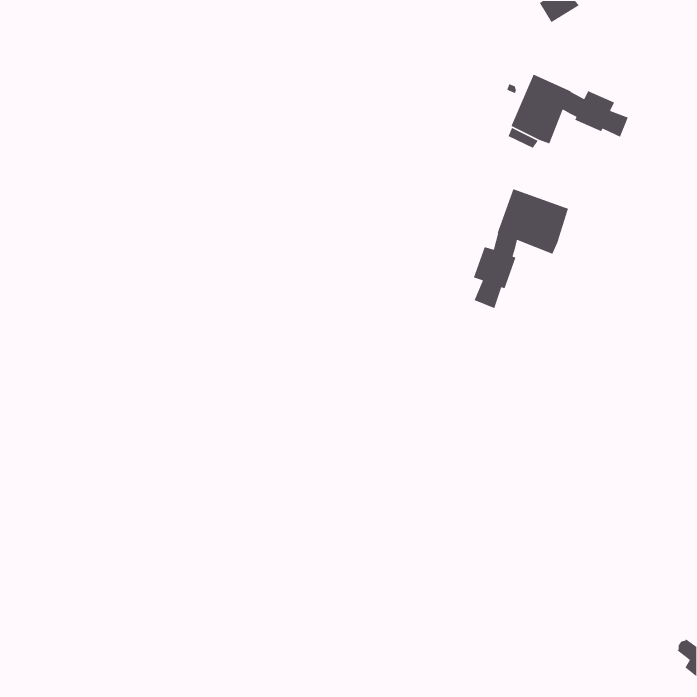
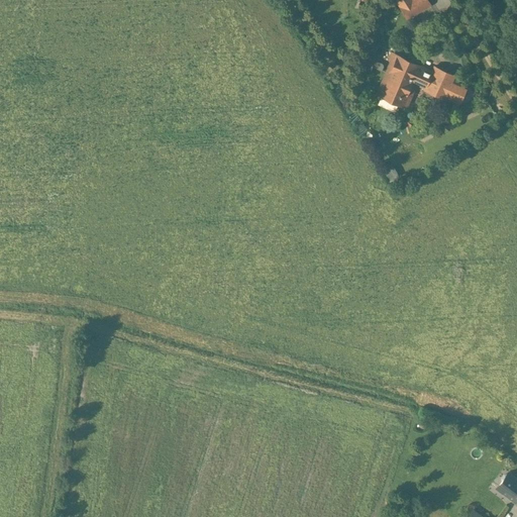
building: [473,188,569,309] -> none

